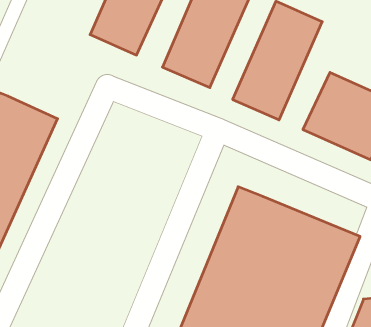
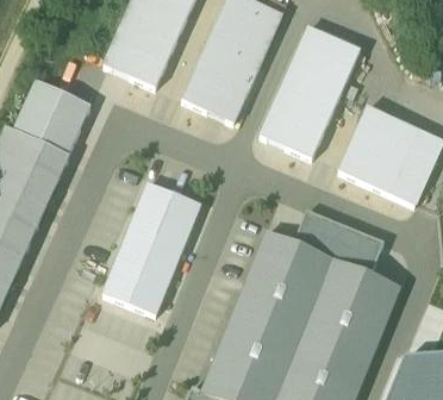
building: none -> [13,81,92,157]
building: none -> [102,183,200,314]
building: none -> [294,214,381,274]

